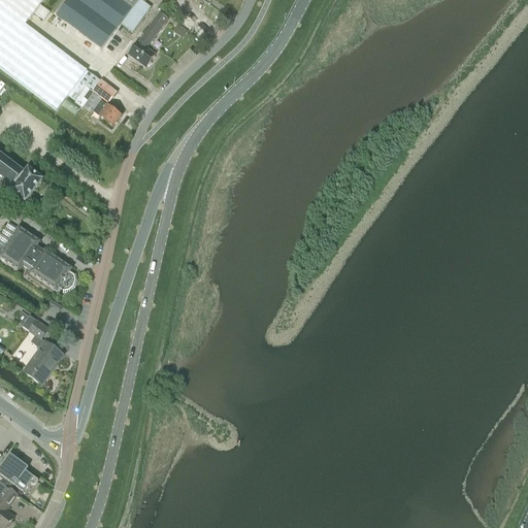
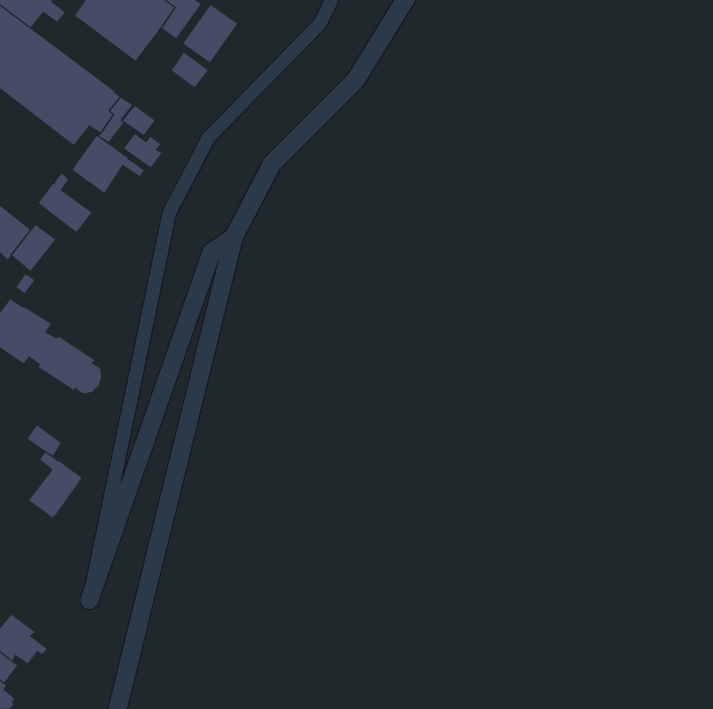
building: none -> [72,135,145,194]
building: none -> [38,173,92,233]

